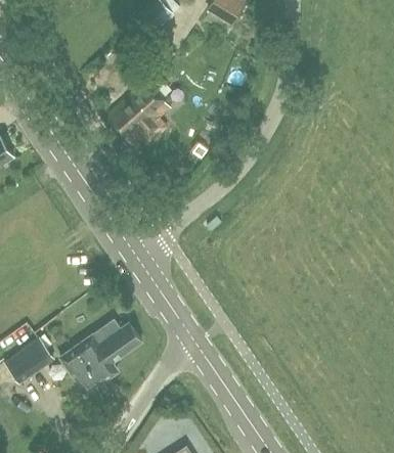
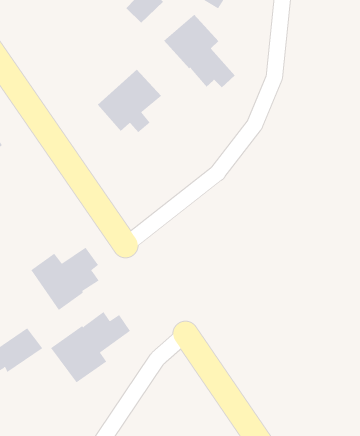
building: none -> [163,14,235,88]
building: none -> [31,247,100,311]

